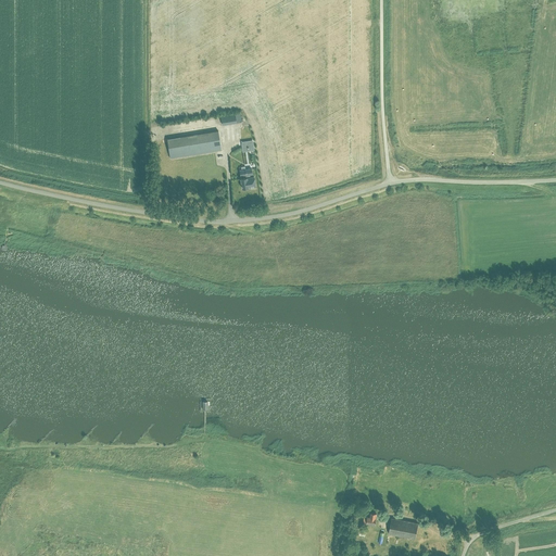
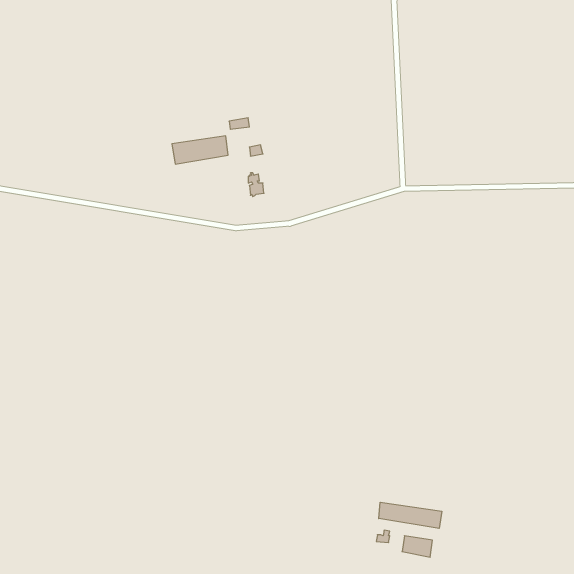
building: none -> [379,502,442,528]

